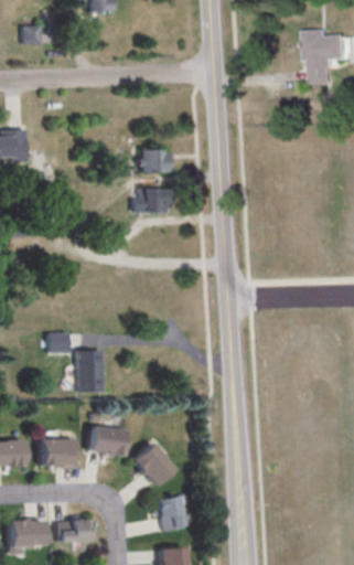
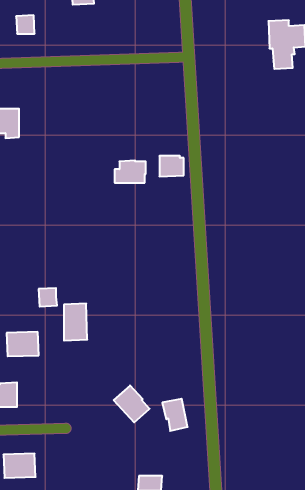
building: [142,149,170,172] -> [159,156,184,176]
building: [88,425,127,458] -> none
building: [40,438,76,466] -> [7,332,39,356]
building: [155,495,184,532] -> [162,399,188,431]
building: [58,516,90,539] -> none

